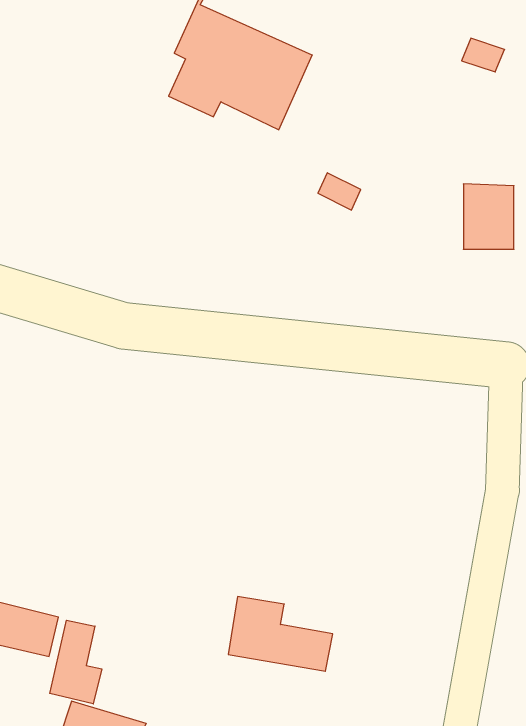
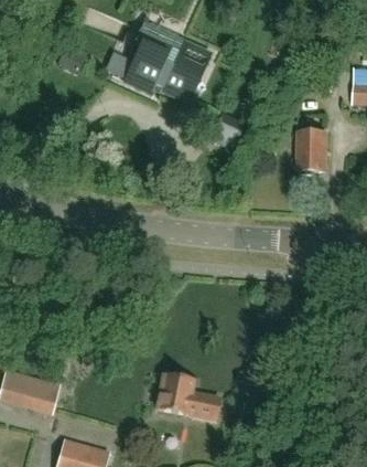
building: [50,620,102,704] -> none

